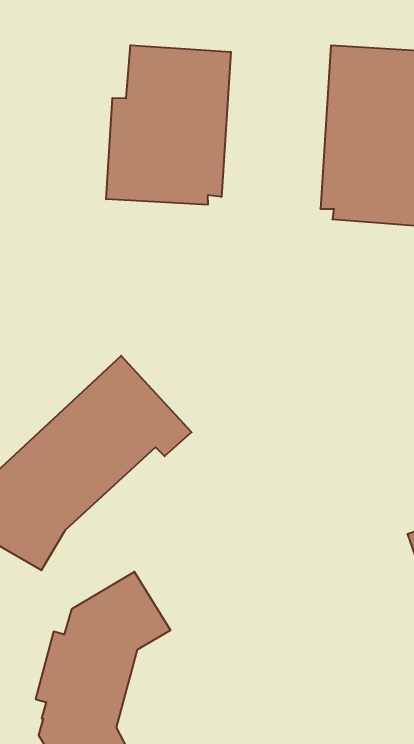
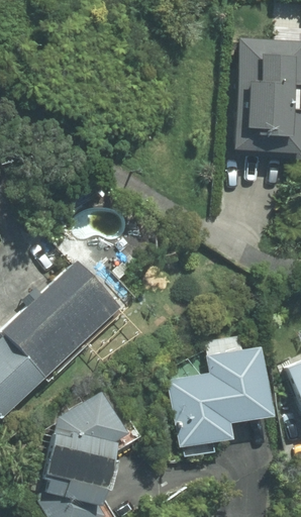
building: [106,45,231,205] -> none
building: none -> [171,335,271,445]

